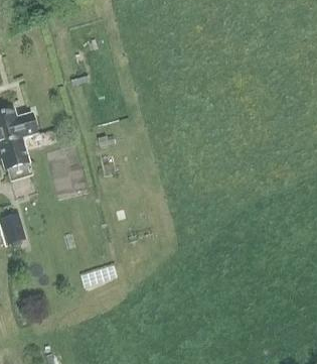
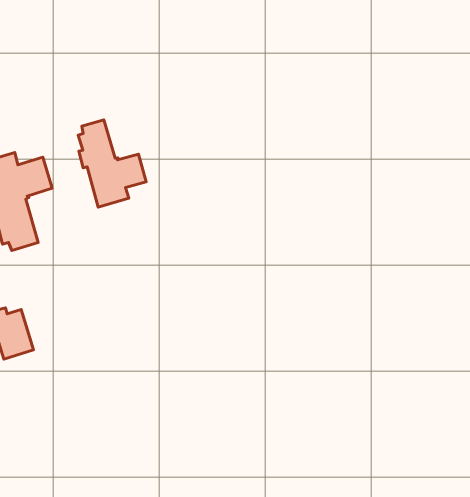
building: none -> [78,120,146,207]

